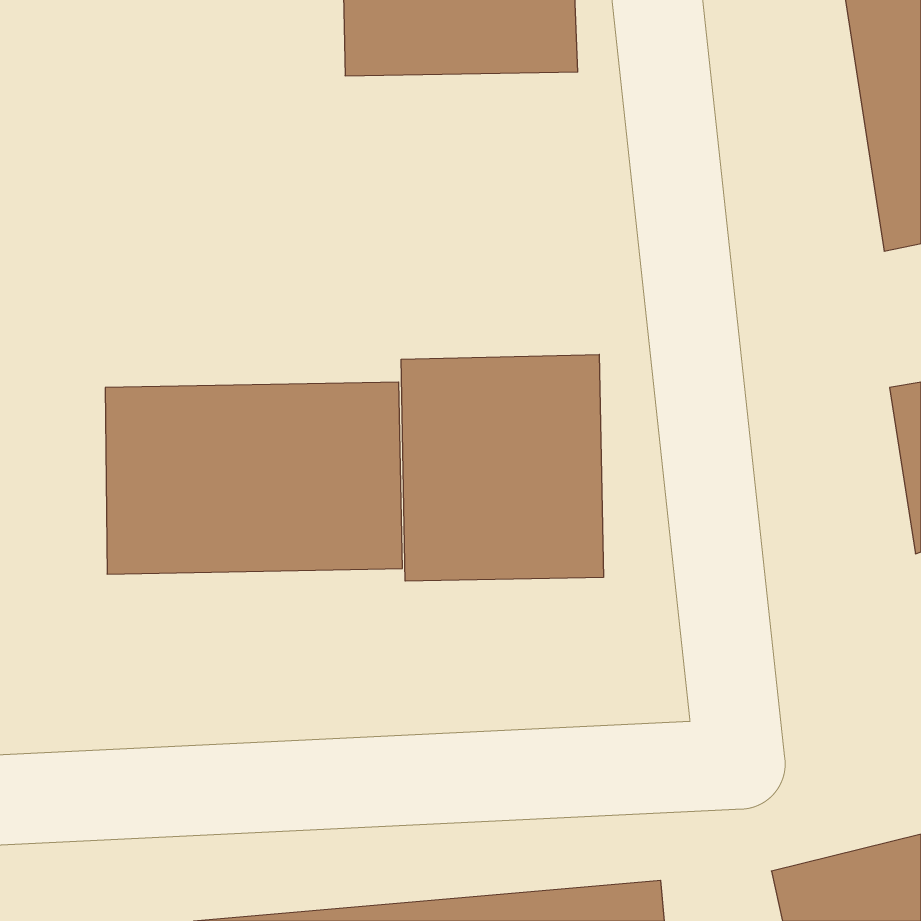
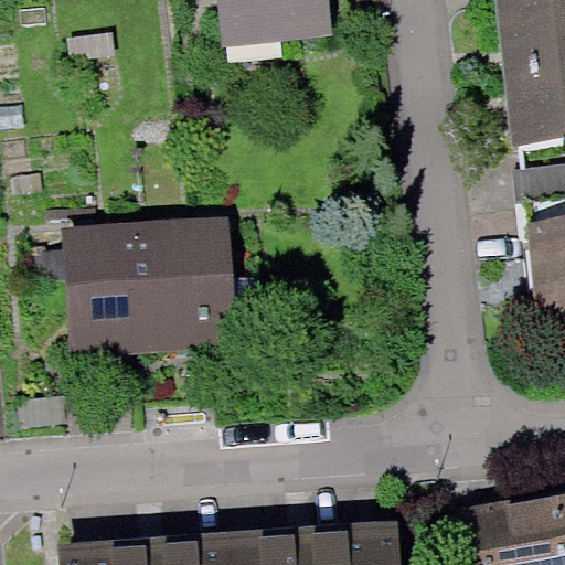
building: [401,354,603,581] -> none

